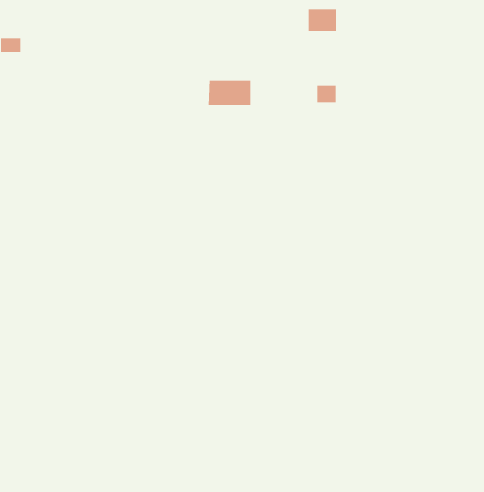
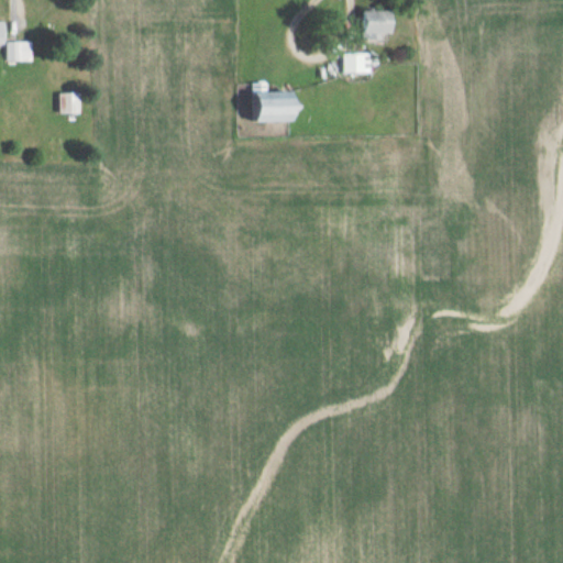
building: none -> [60,93,81,114]
building: [316,85,337,103] -> [346,53,369,74]

